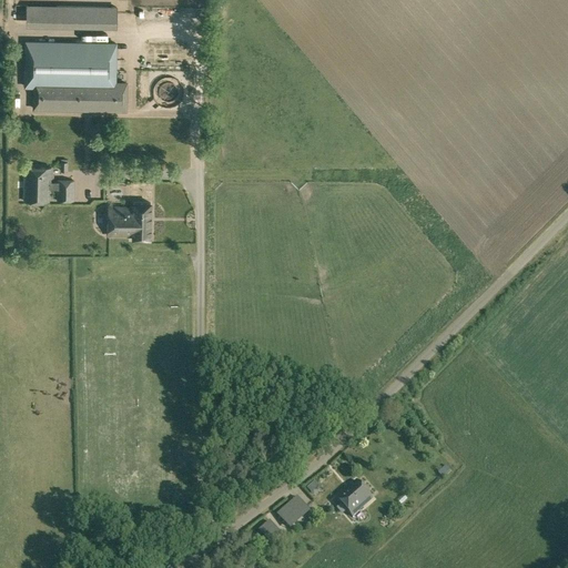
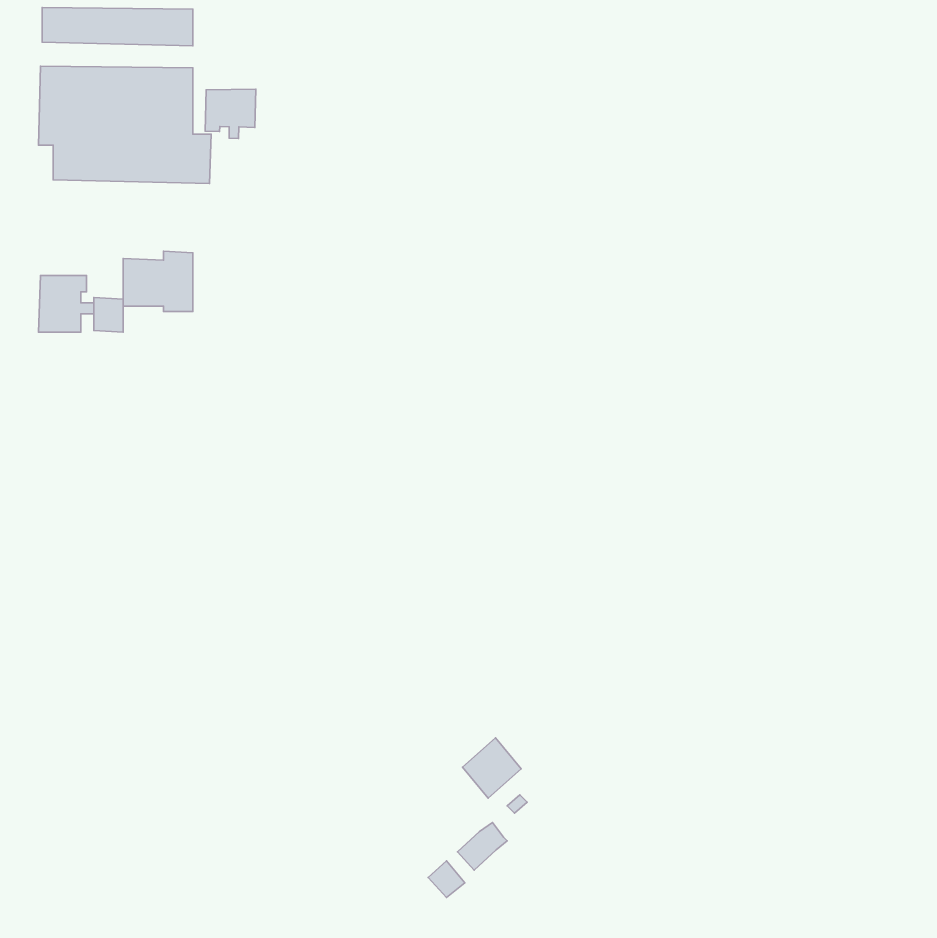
building: none -> [205,89,256,139]
building: [109,202,151,239] -> [123,251,193,312]
building: [337,480,373,517] -> [462,738,521,798]

